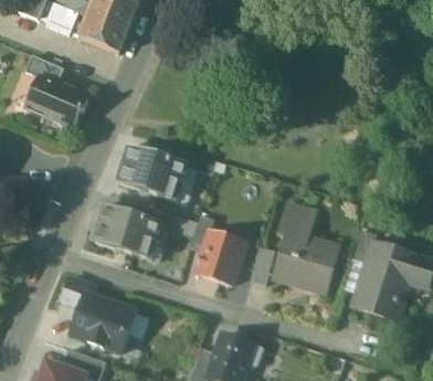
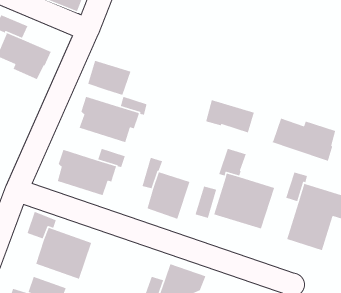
building: none -> [87,60,131,96]
building: none -> [205,99,255,133]
building: none -> [271,118,336,162]

